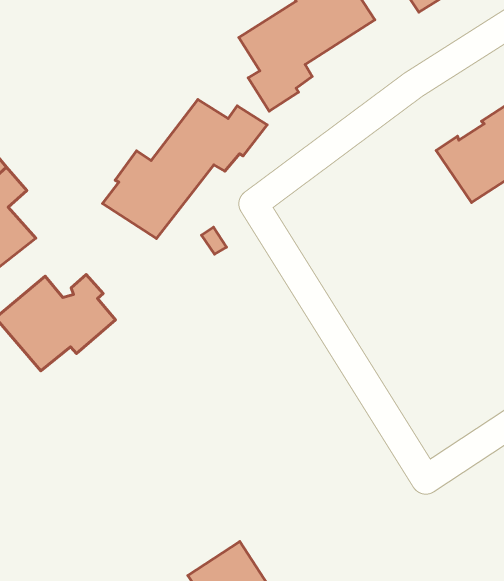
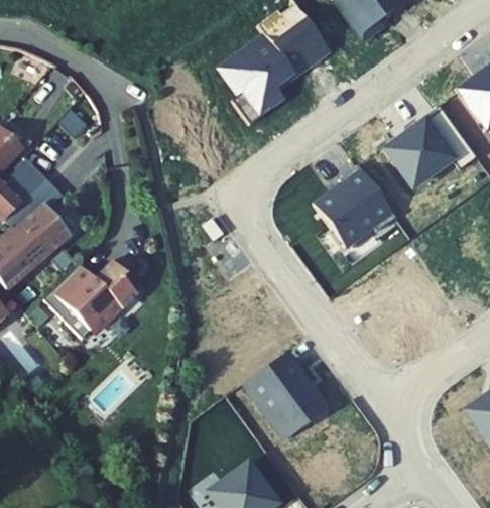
building: [102,100,267,238] -> none
building: none -> [314,166,395,248]
building: none -> [246,352,326,439]

